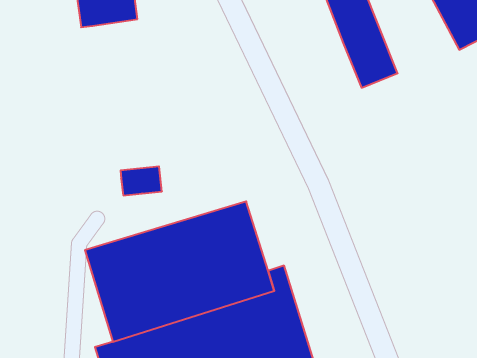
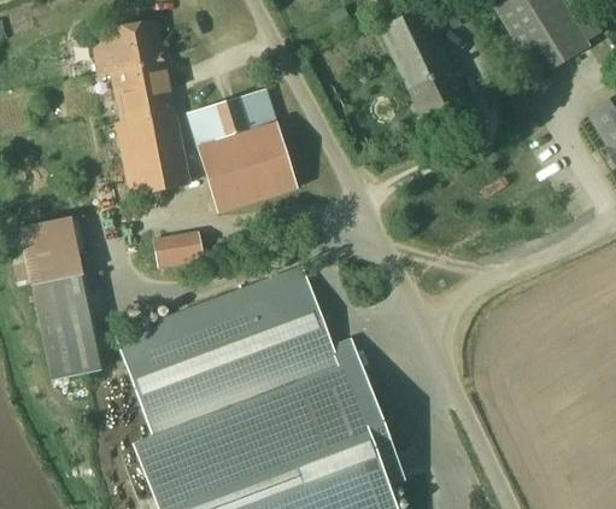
building: none -> [112,63,189,195]
building: none -> [188,92,298,215]
building: none -> [20,218,101,381]

